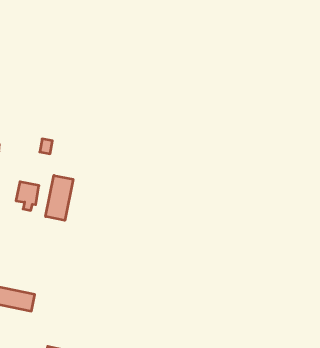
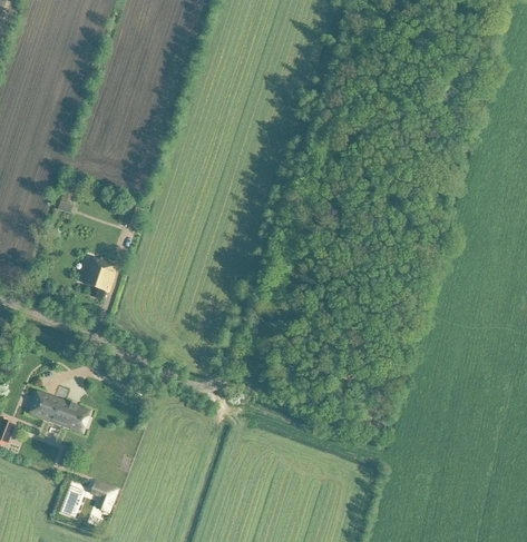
building: [46,175,73,220] -> none

